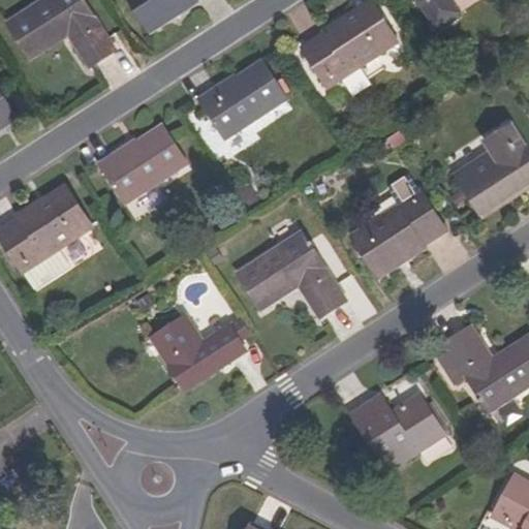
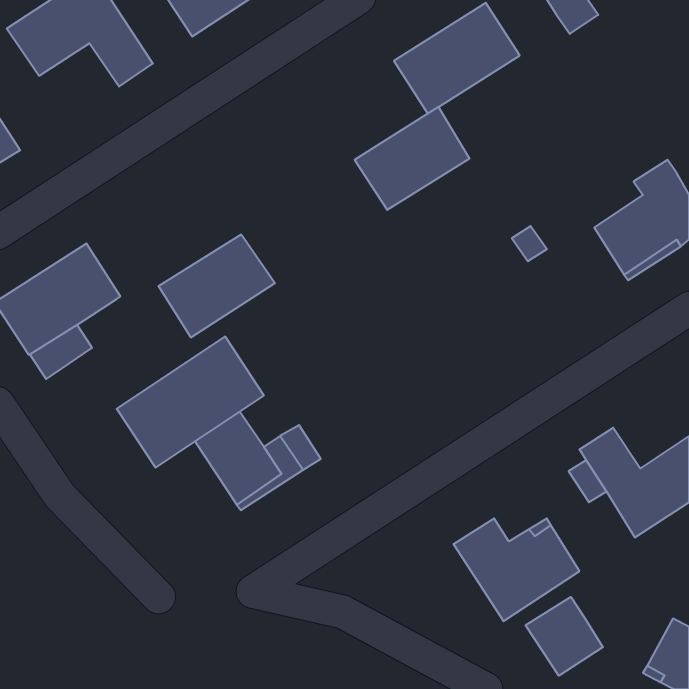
building: [197,60,285,138] -> [355,107,470,210]
building: [99,125,188,204] -> [158,235,275,337]
building: [352,191,447,275] -> none
building: [238,231,346,316] -> none
building: none -> [117,336,264,468]
building: none -> [526,597,603,676]

